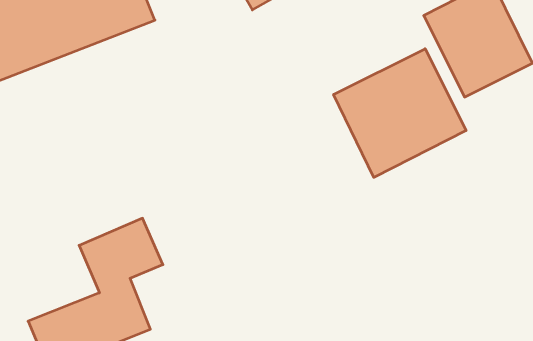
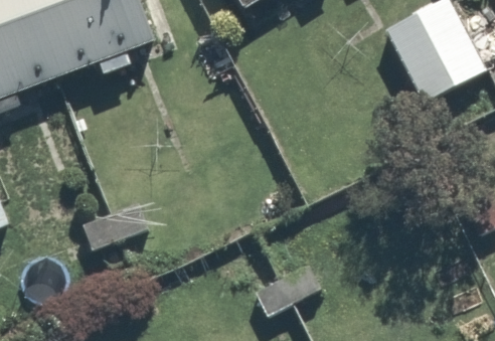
building: [334,49,466,177] -> none

